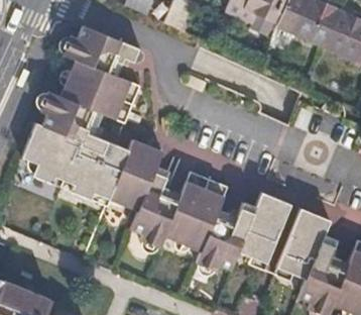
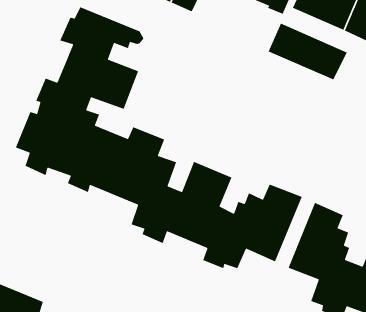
building: none -> [267,23,348,81]

